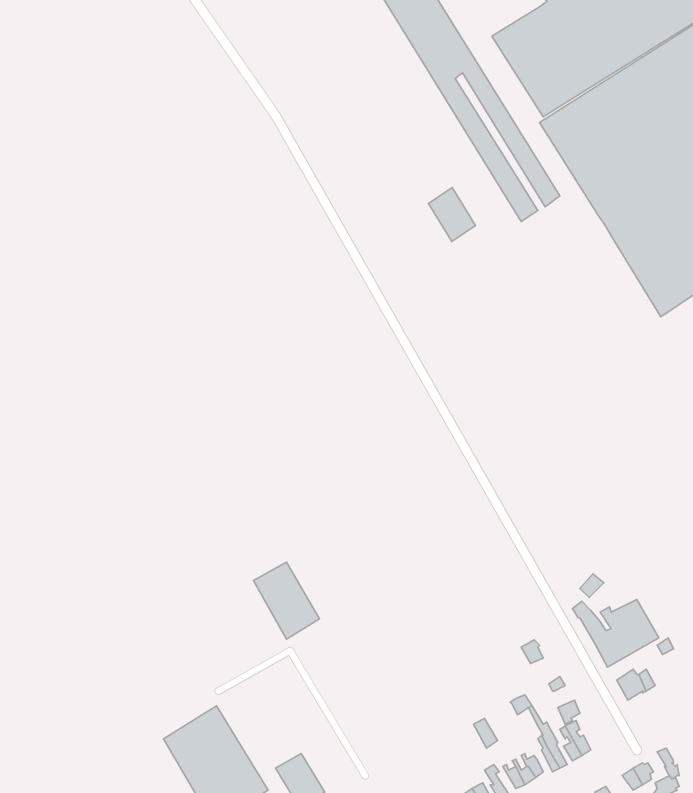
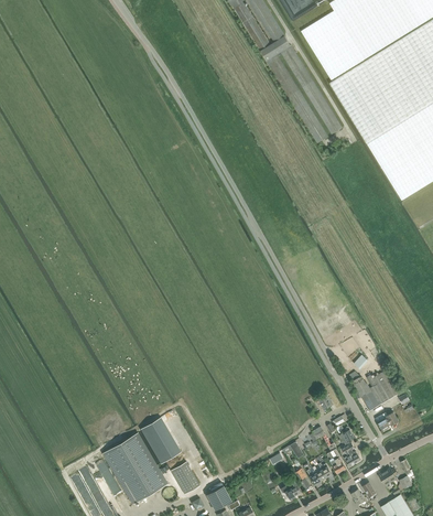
building: [428,188,476,241] -> none
building: [253,562,319,639] -> [141,418,181,464]

